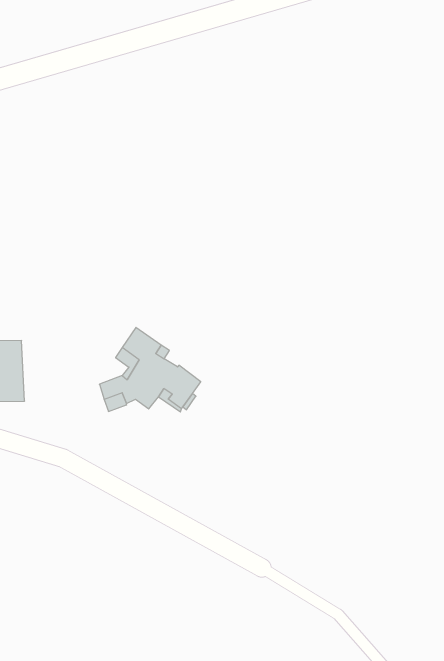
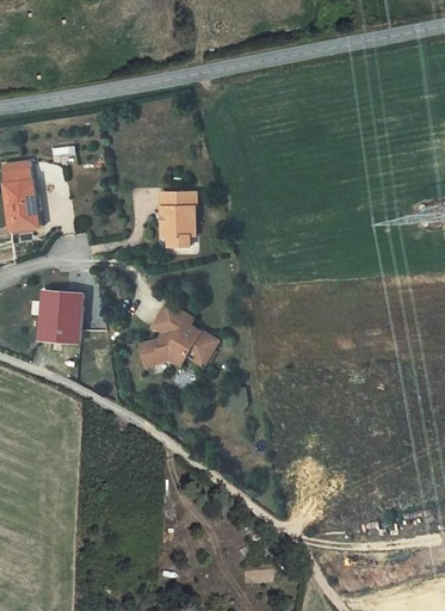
building: none -> [159,190,197,247]

